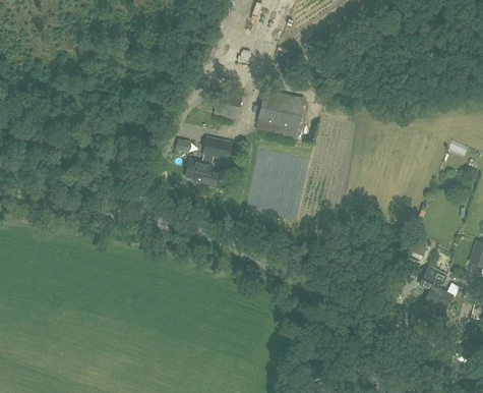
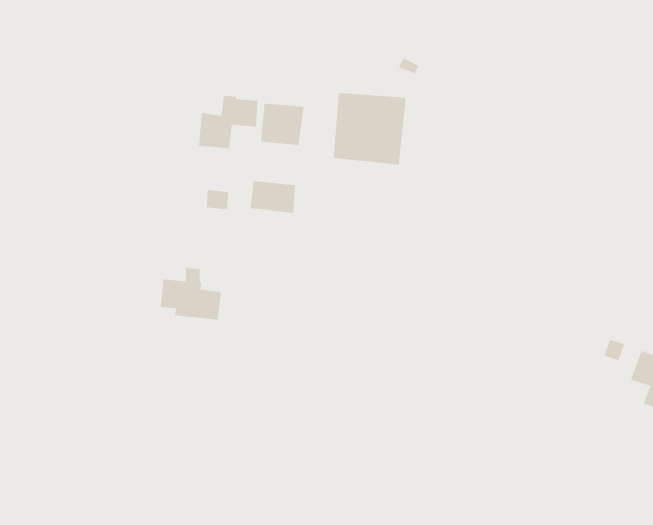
building: none -> [198,95,259,149]
building: [185,154,224,188] -> [160,267,222,320]

